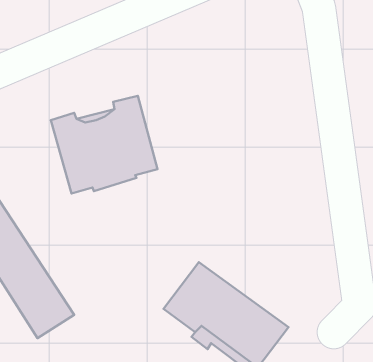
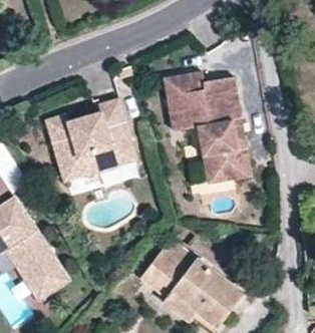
building: none -> [163,71,251,183]

